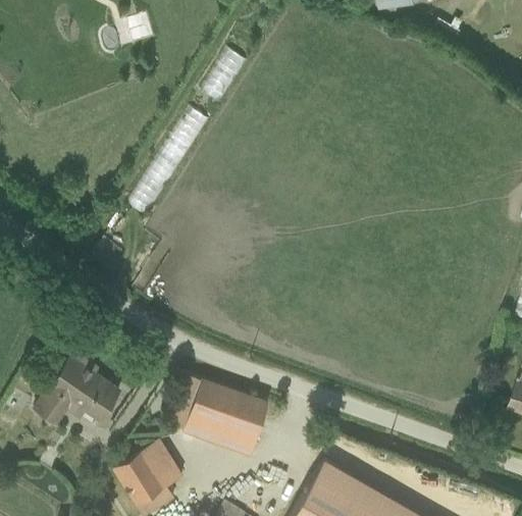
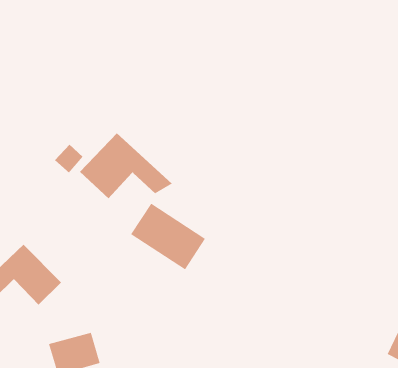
building: none -> [79,132,173,199]
building: [182,382,269,453] -> [130,203,206,270]

